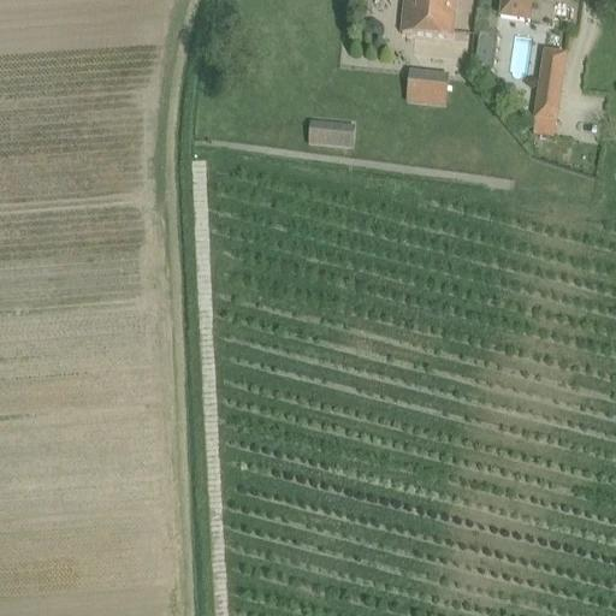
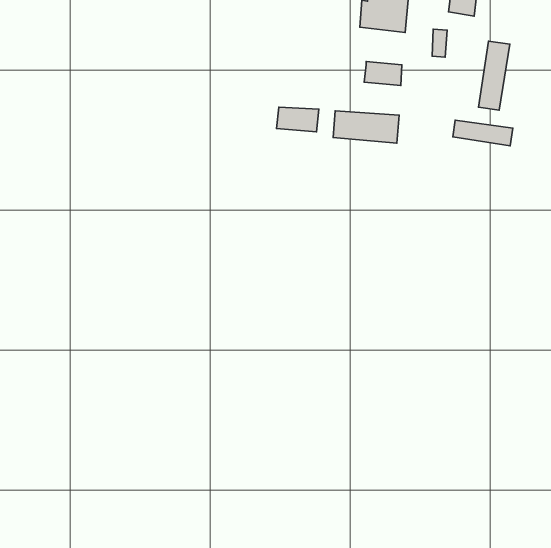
building: none -> [333,111,399,143]
building: none -> [453,120,513,146]

